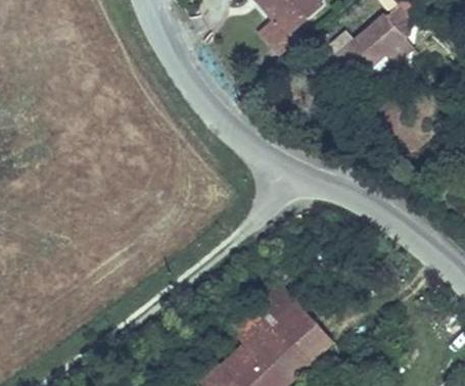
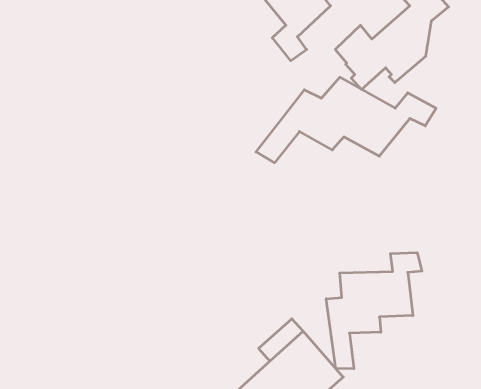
building: none -> [256,77,436,163]
building: none -> [326,253,422,369]

